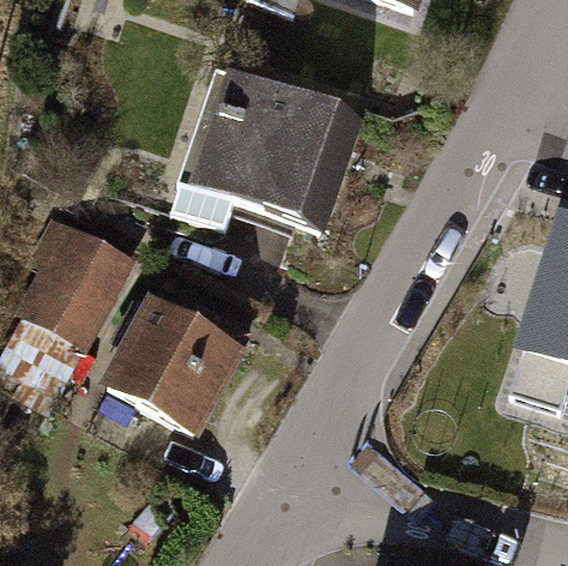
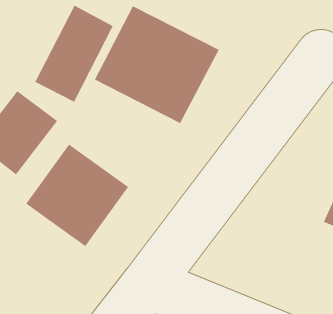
building: none -> [34,5,114,103]

